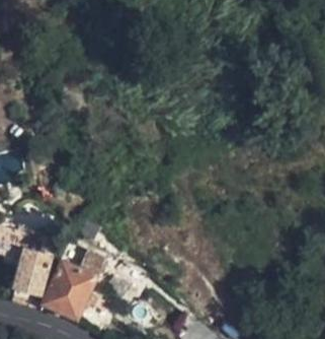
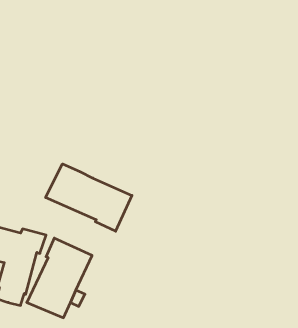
building: none -> [46,164,132,231]

